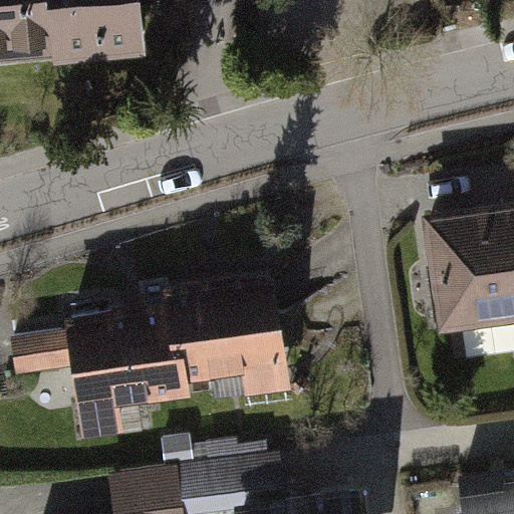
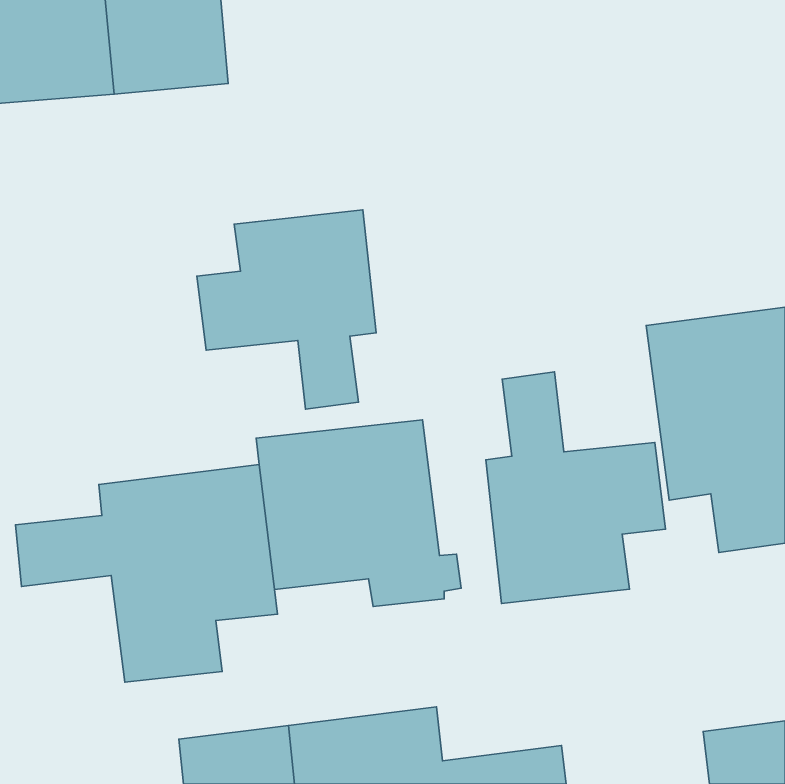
building: none -> [197,210,376,409]
building: none -> [486,372,665,603]

